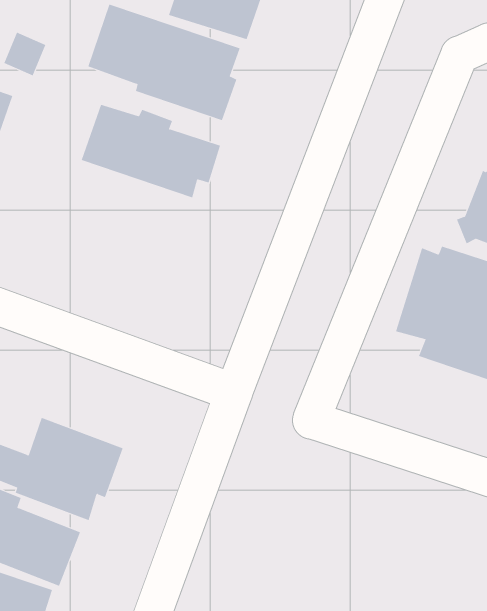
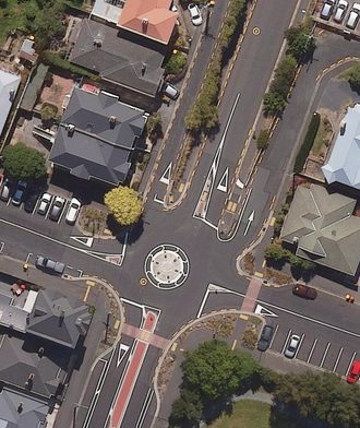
building: none -> [57,124,143,188]

